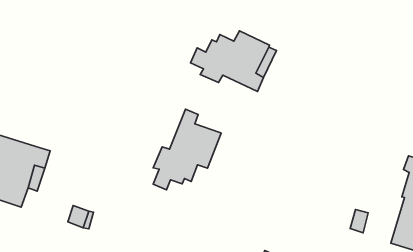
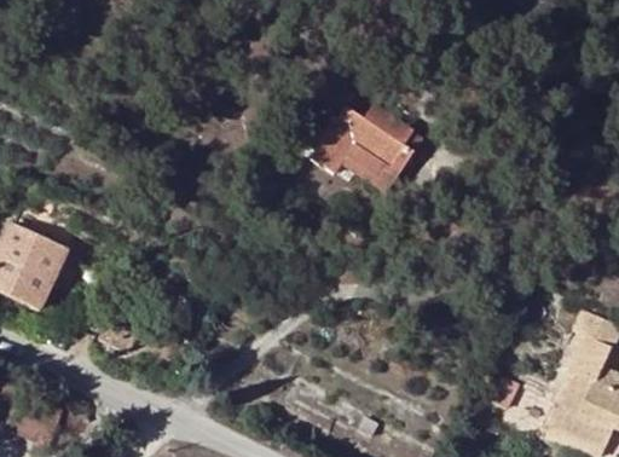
building: [153,109,221,190] -> none

